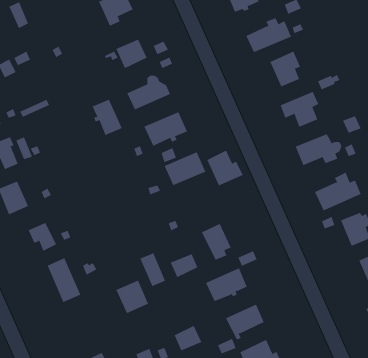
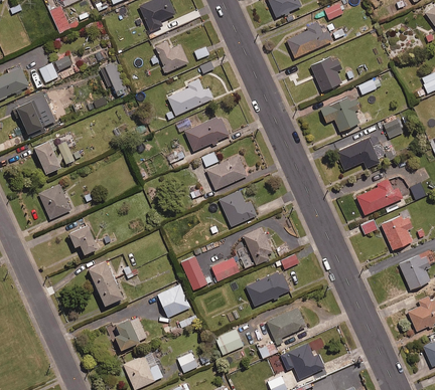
building: [92,99,122,136] -> none
building: [206,150,244,186] -> [220,190,257,226]
building: none -> [117,317,147,351]

